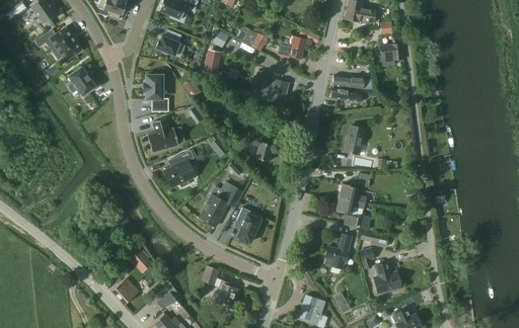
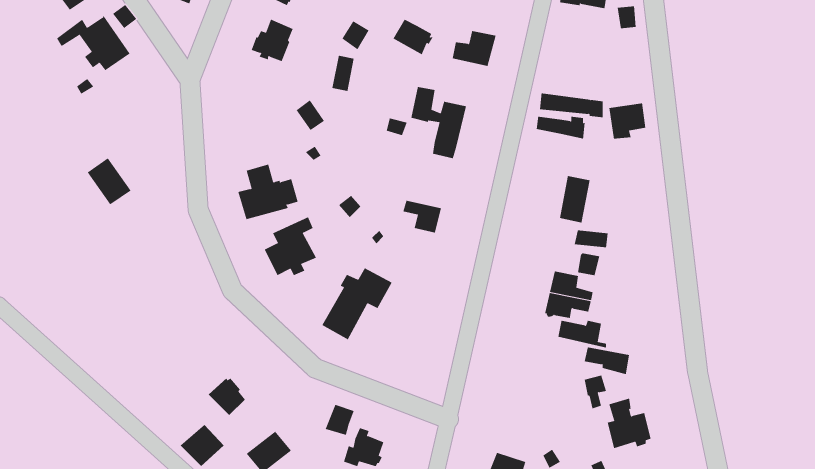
building: [380,43,403,65] -> [608,103,646,139]
building: [68,66,95,95] -> [87,158,131,205]
building: [143,74,168,110] -> none
building: [236,207,262,242] -> none
building: [323,233,352,268] -> none

